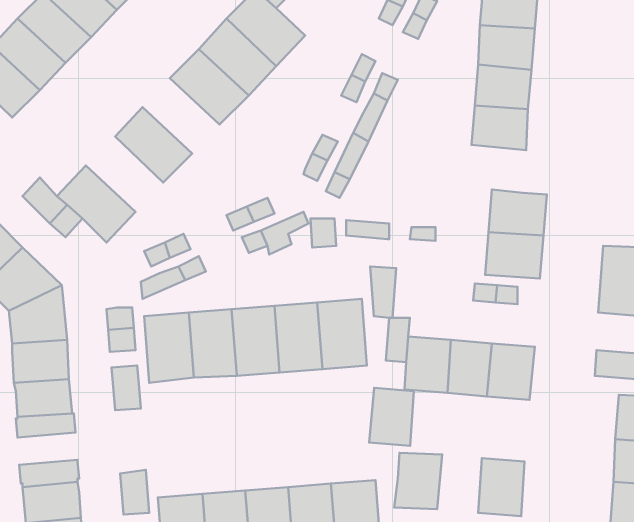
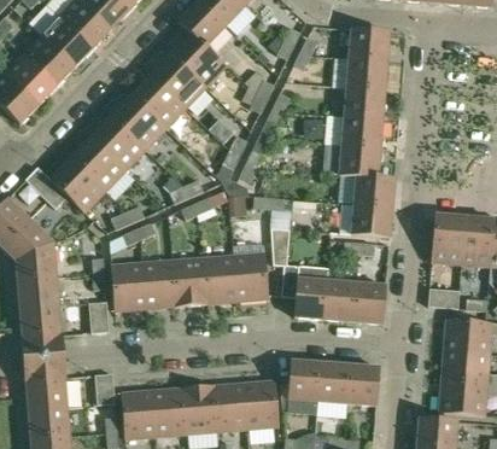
building: none -> [110,97,164,150]
building: none -> [70,138,124,191]
building: none -> [322,144,380,177]
building: [369,388,414,446] -> [317,362,349,403]

